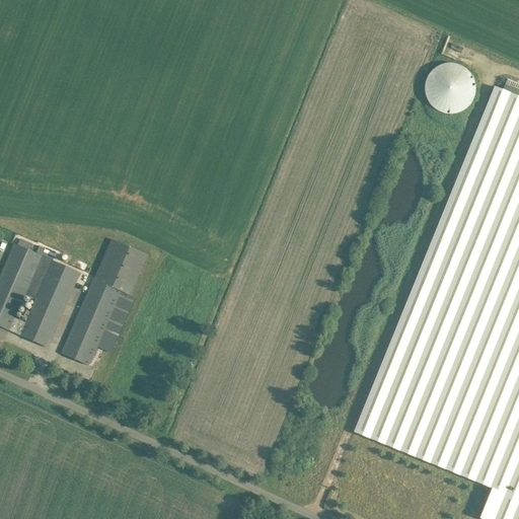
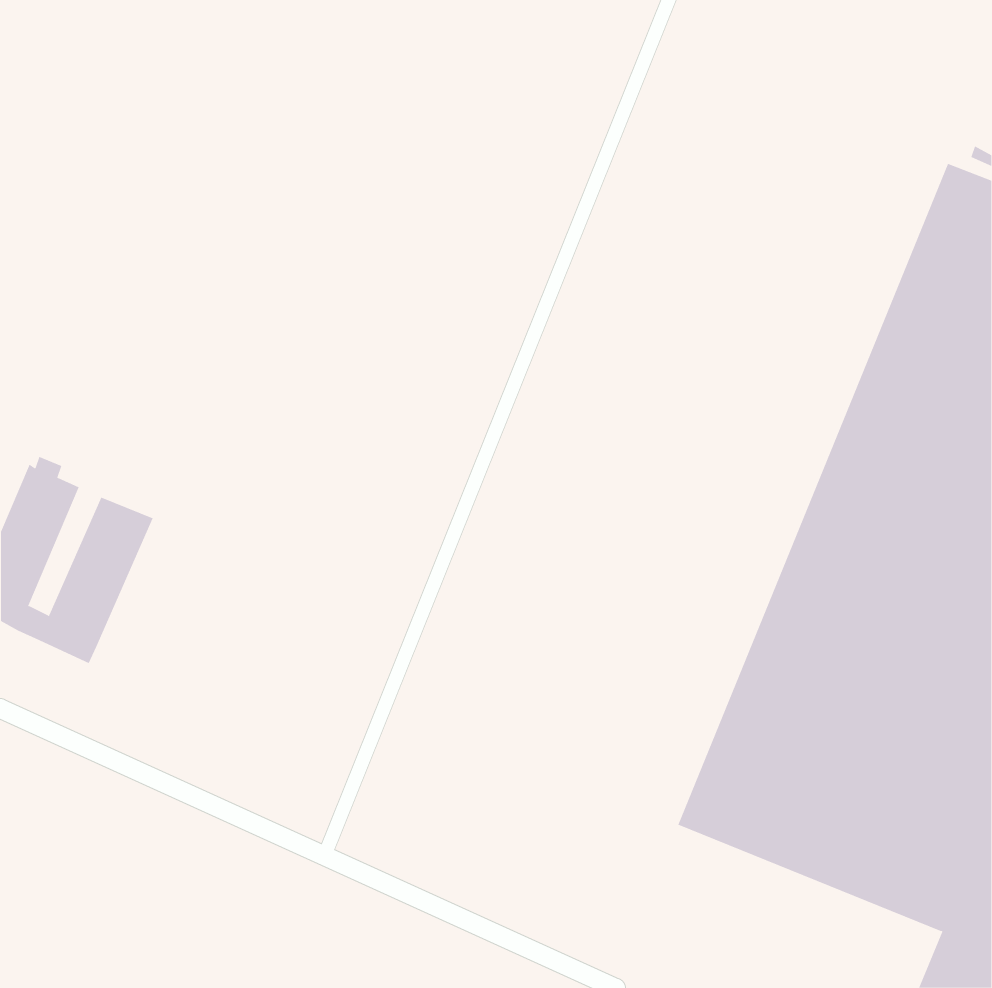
building: [423,58,480,117] -> none
building: [61,237,148,366] -> none

